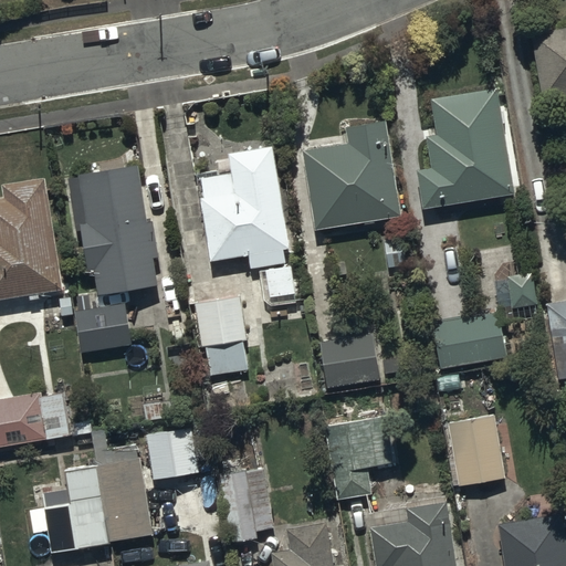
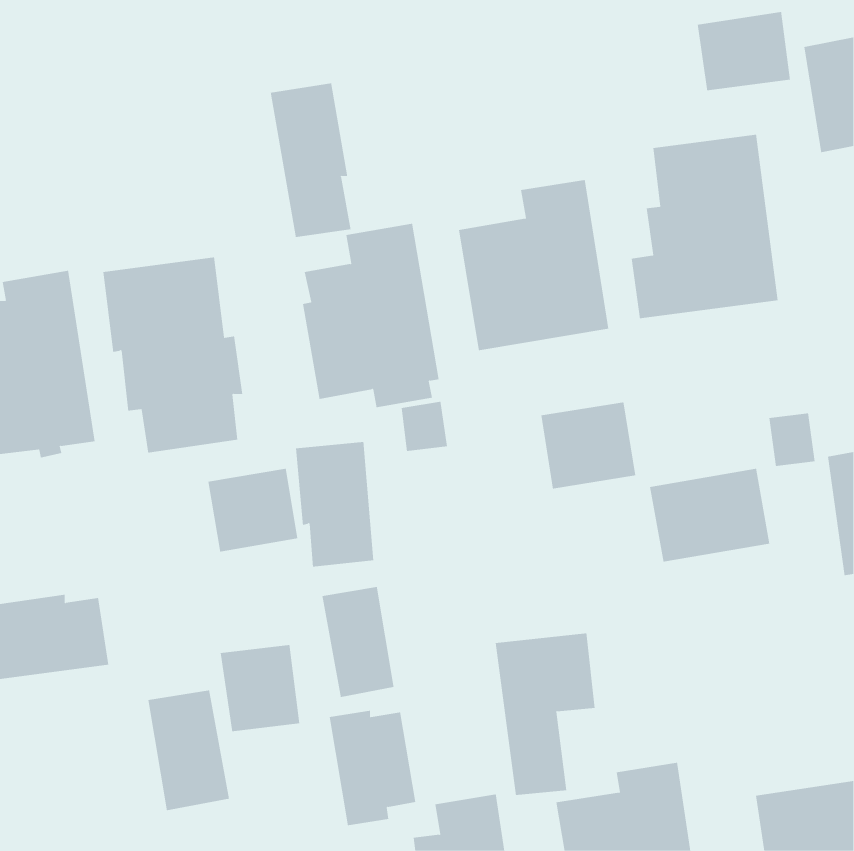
building: none -> [697,11,791,91]
building: none -> [270,83,351,238]
building: [72,300,132,355] -> [208,468,298,552]
building: [317,332,380,389] -> [540,402,636,489]
building: none -> [322,586,394,698]
building: [446,411,504,485] -> none
building: [40,461,111,554] -> none

